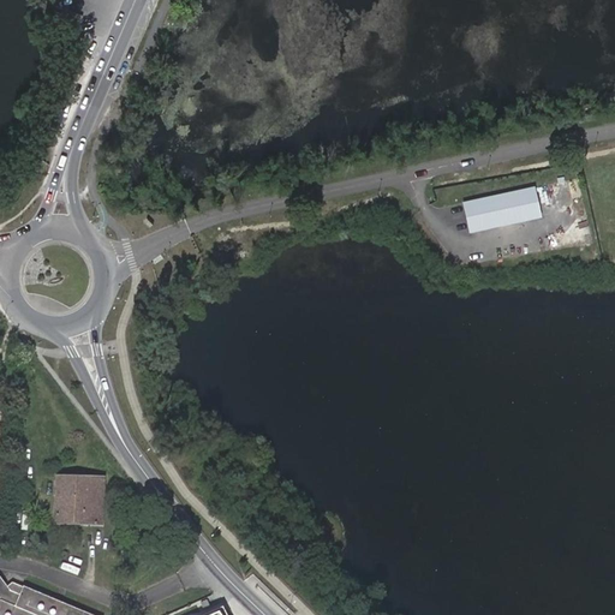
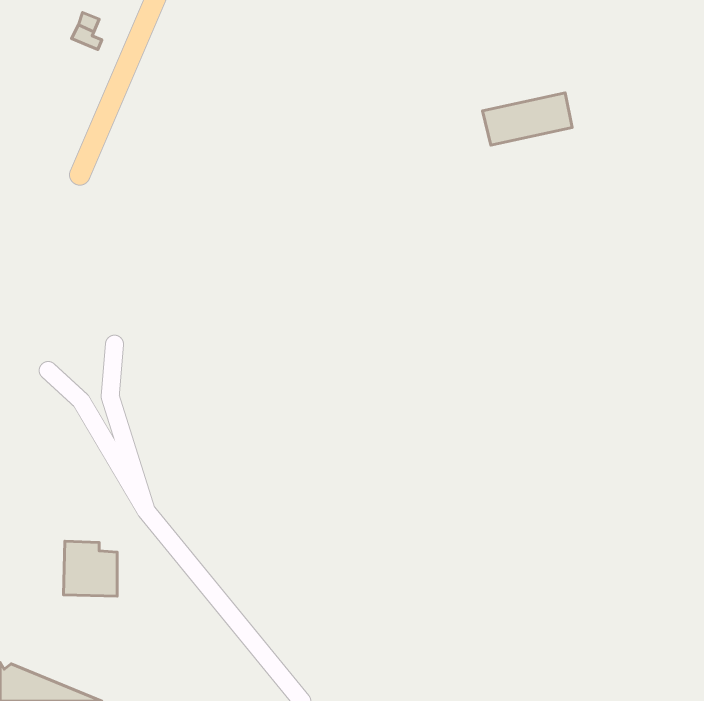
building: [461,189,539,234] -> [483,93,572,145]

